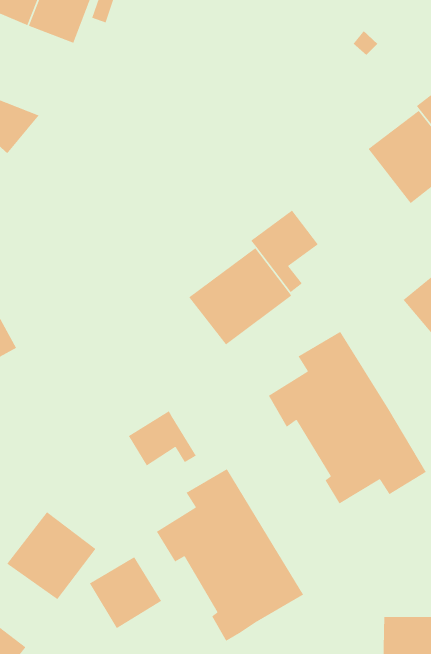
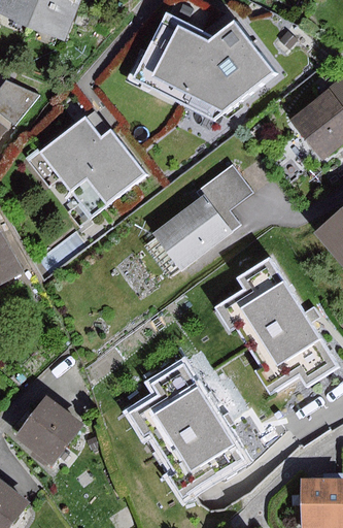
building: none -> [135,11,277,119]
building: none -> [26,117,144,224]
building: [128,410,197,466] -> none
building: [89,556,162,629] -> none

